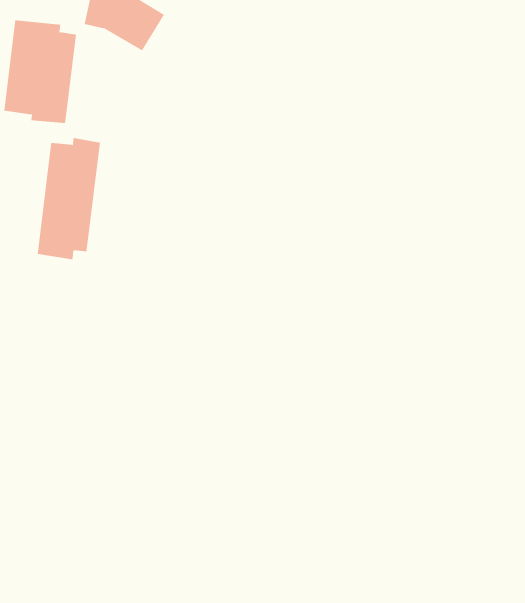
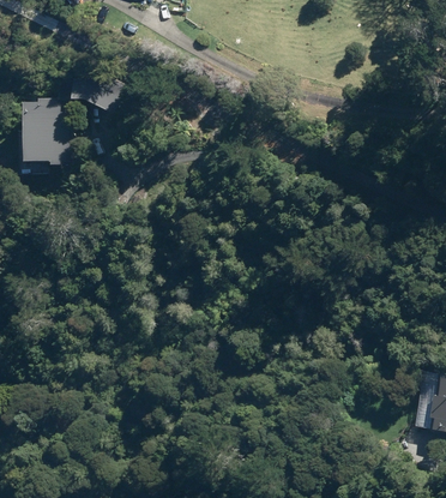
building: [37,137,100,260] -> none

